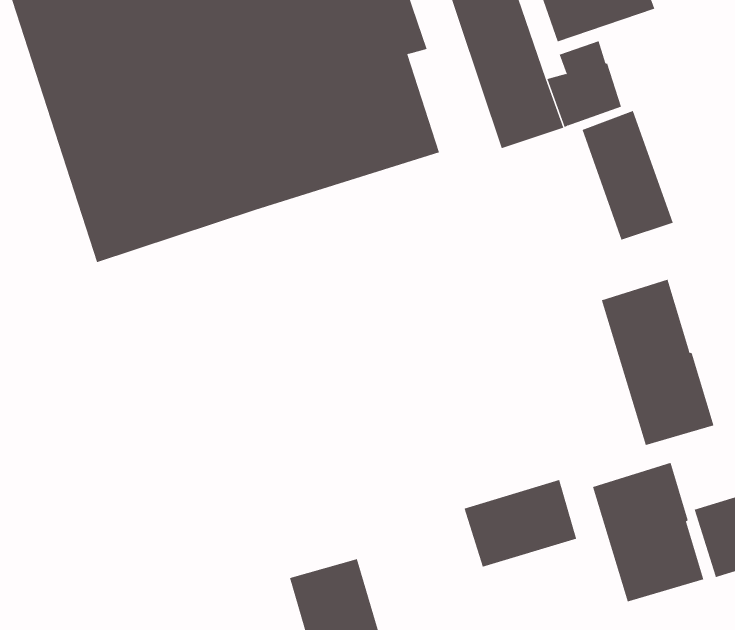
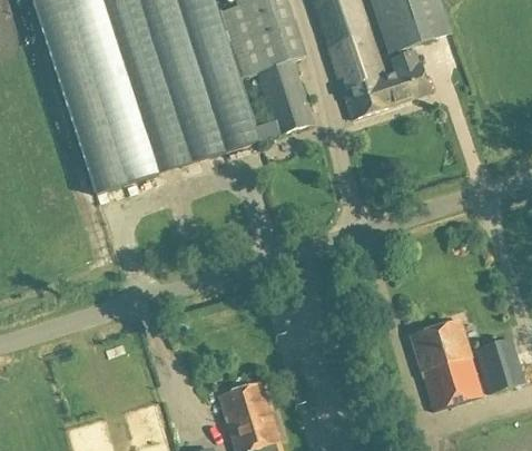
building: [582,110,674,241] -> none
building: [601,279,714,446] -> none
building: [464,479,577,567] -> none

